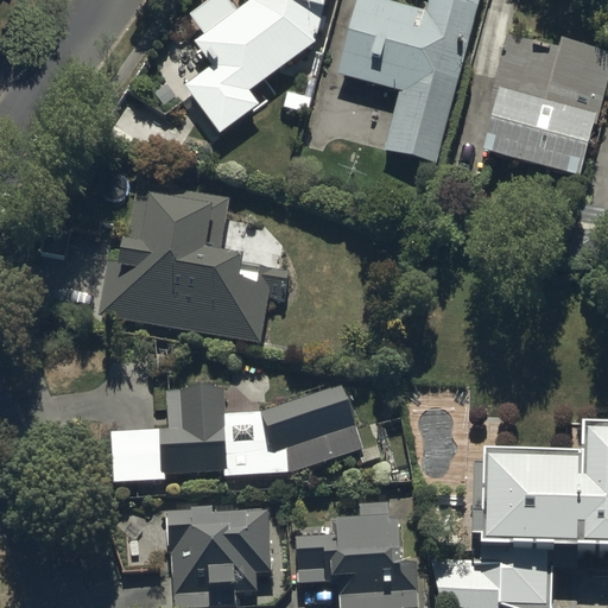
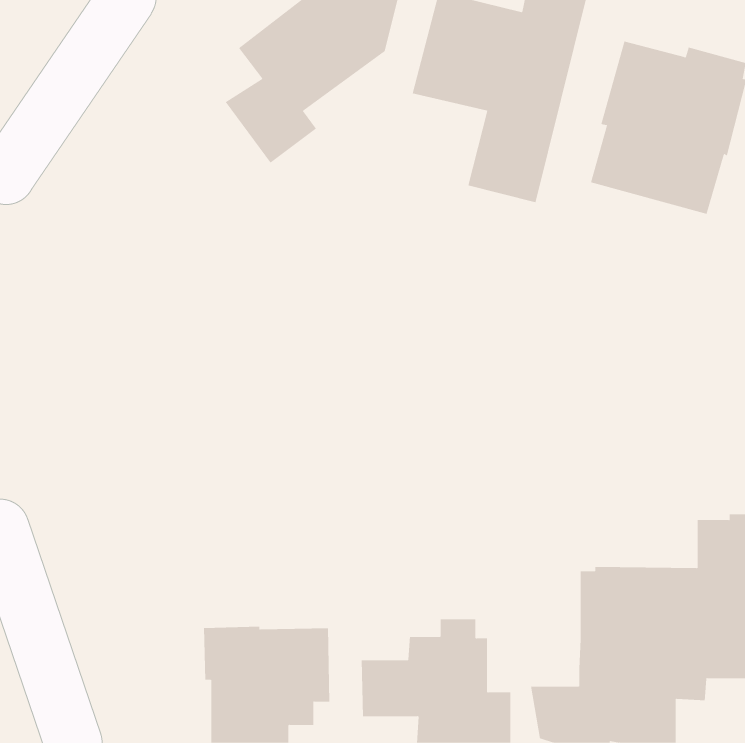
building: [96,180,285,343] -> none
building: [110,385,362,482] -> none

